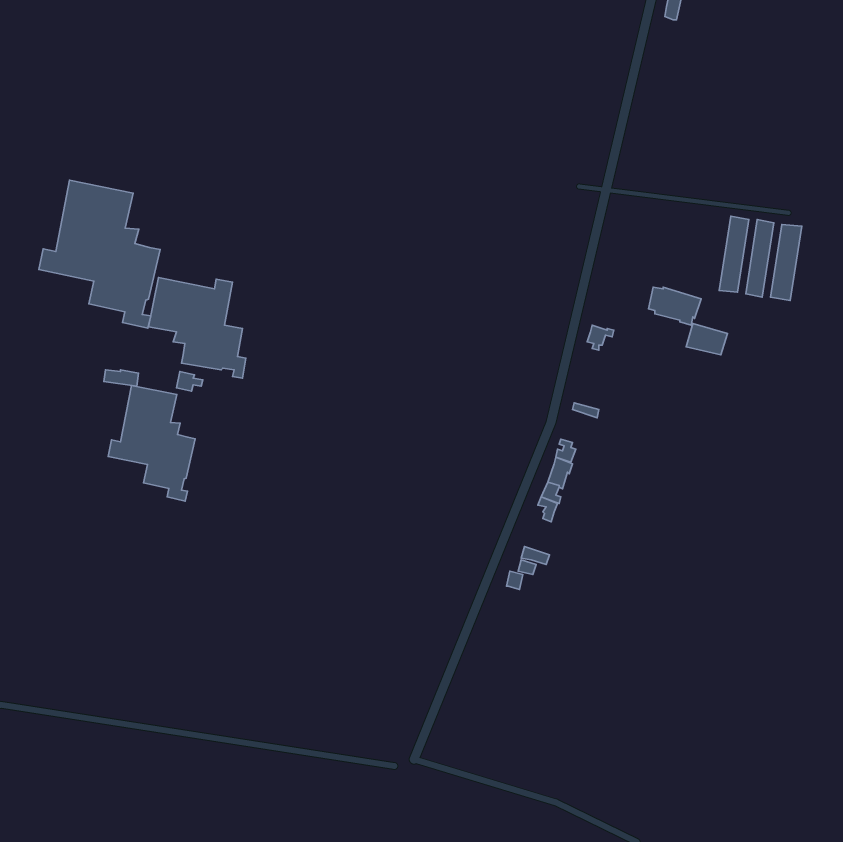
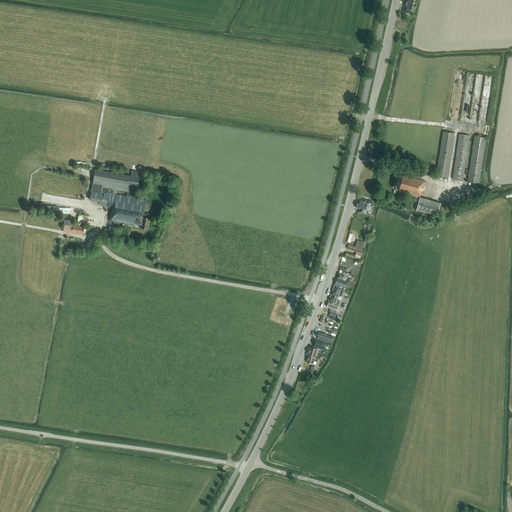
building: [39,180,160,328] -> none
building: [108,385,195,501] -> none

